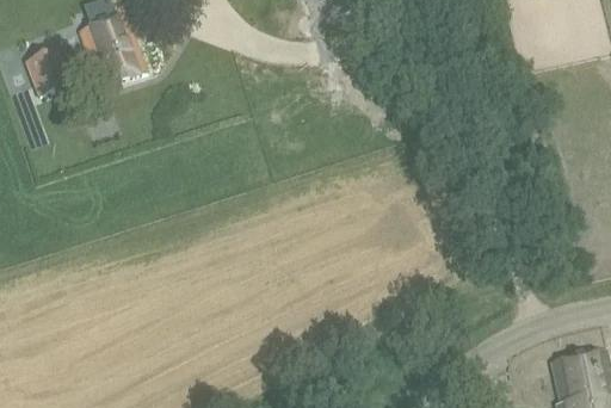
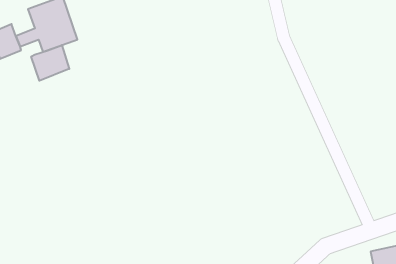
building: none -> [31,45,69,81]

